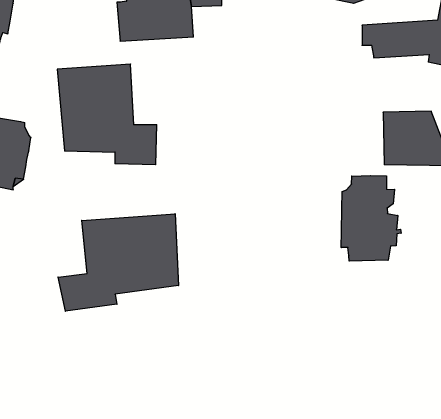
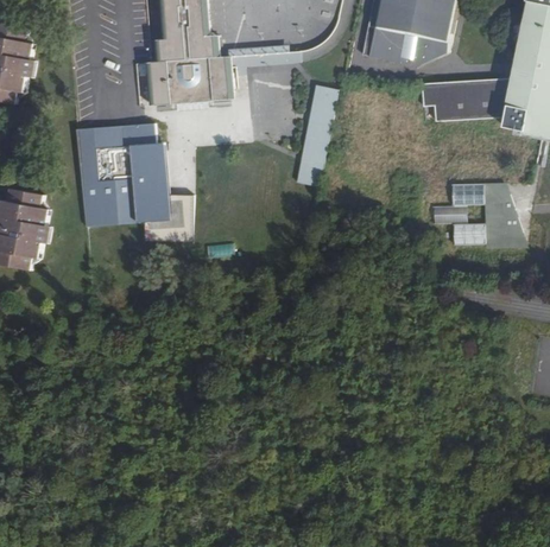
building: none -> [296,83,339,184]
building: [341,176,401,261] -> none
building: [58,214,178,311] -> none

